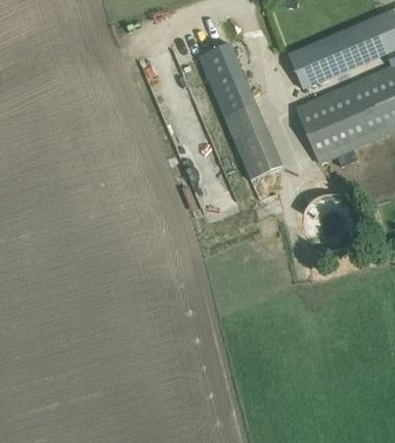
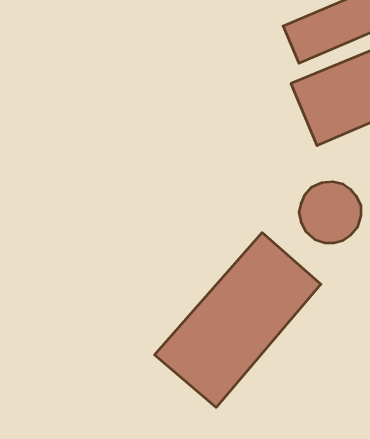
building: [200,43,282,180] -> none
building: none -> [155,233,321,407]

